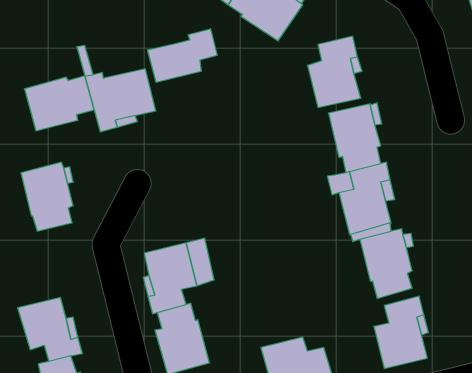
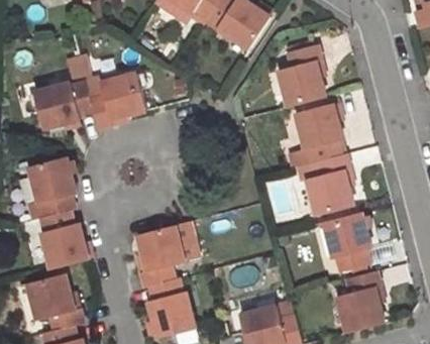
building: [147,29,217,82] -> none
building: none -> [40,210,93,268]

